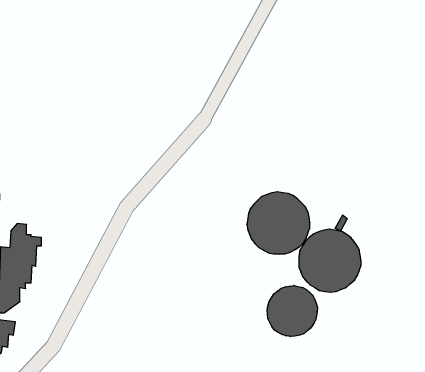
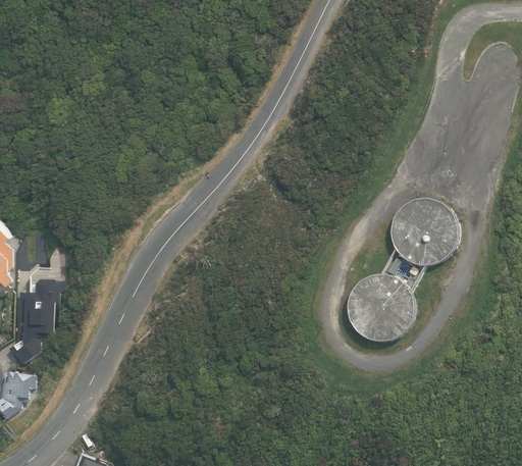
building: [247,192,310,254] -> [388,197,458,265]
building: [267,285,317,337] -> none

